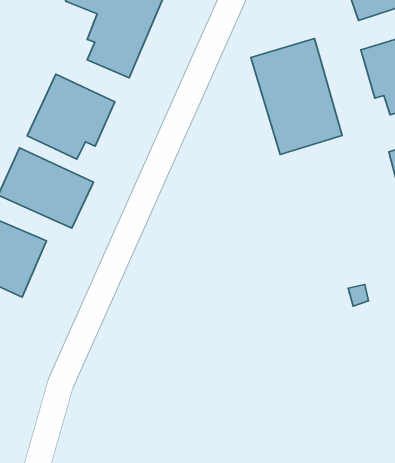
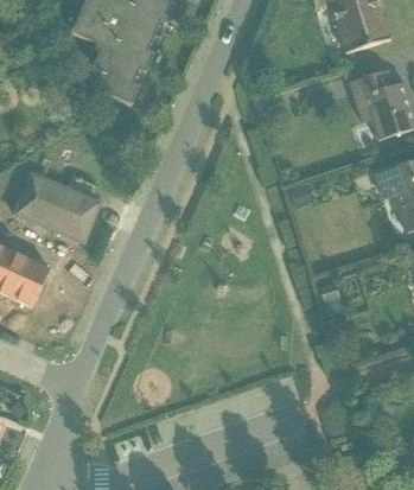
building: [251,38,342,155] -> none
building: [27,74,115,159] -> none

